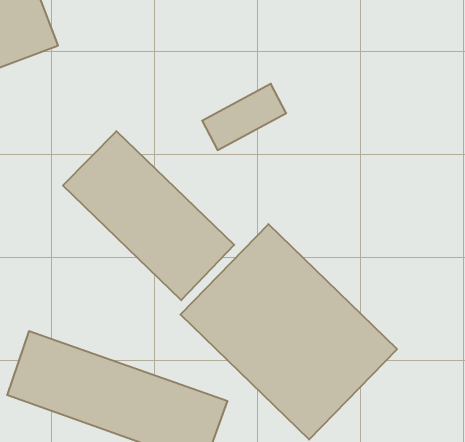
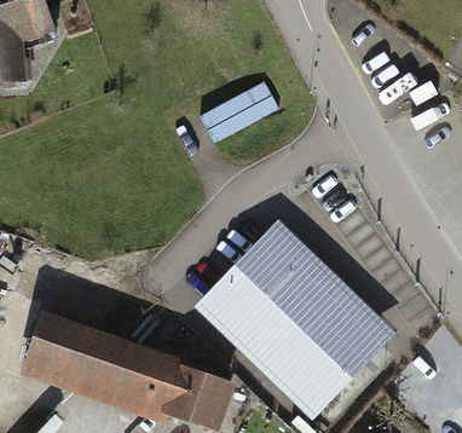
building: [63,131,234,300] -> none

